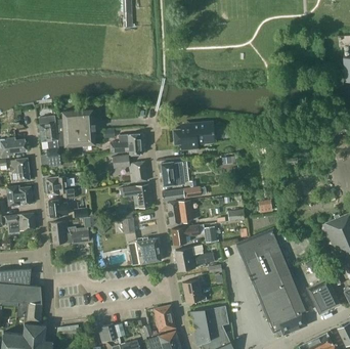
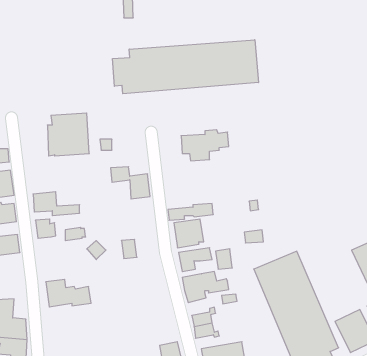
building: none -> [113,40,258,94]
building: [39,115,59,167] -> none
building: [110,133,141,154] -> none
building: [161,162,184,185] -> none
building: [119,184,149,208] -> none
building: [50,220,89,244] -> [46,279,91,307]
building: [136,237,161,264] -> none

